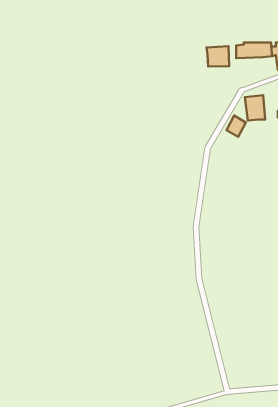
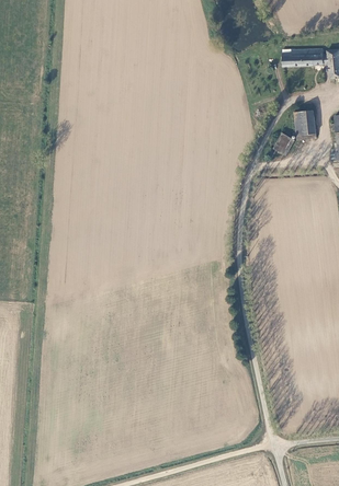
building: [207,46,229,66] -> none

